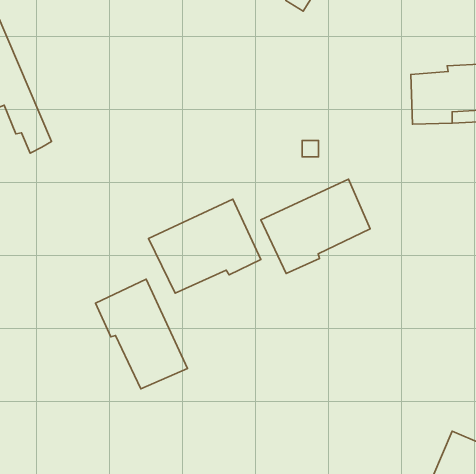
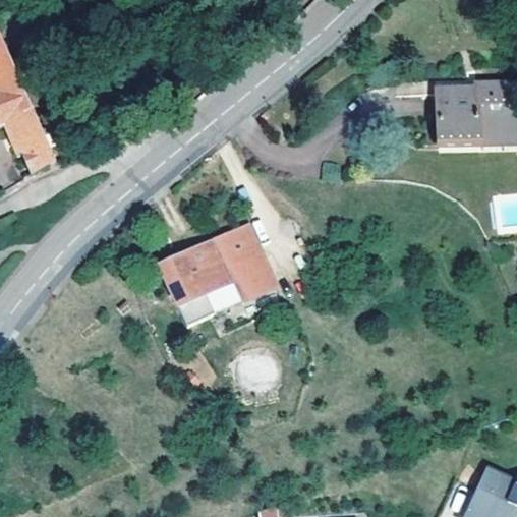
building: [261,179,370,273] -> none
building: [96,279,188,389] -> none

